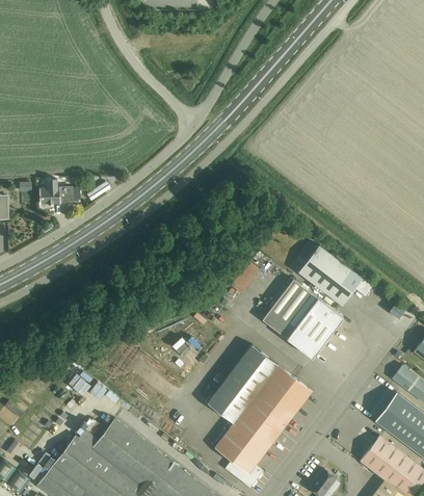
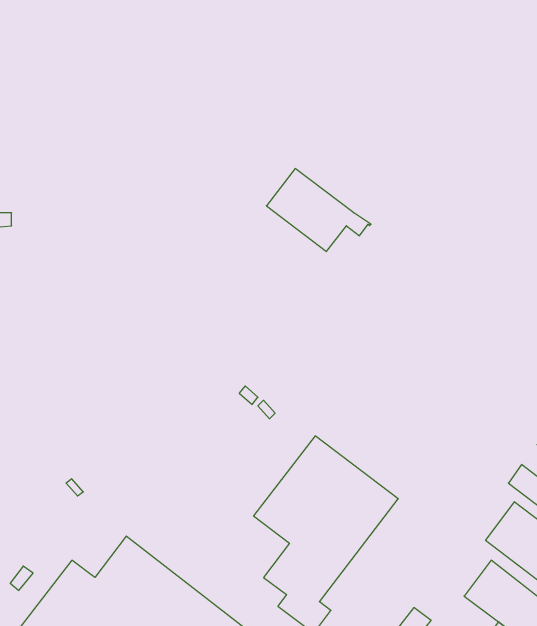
building: [41,183,67,203] -> none
building: [297,244,373,305] -> [266,169,371,251]
building: [262,279,343,358] -> none

